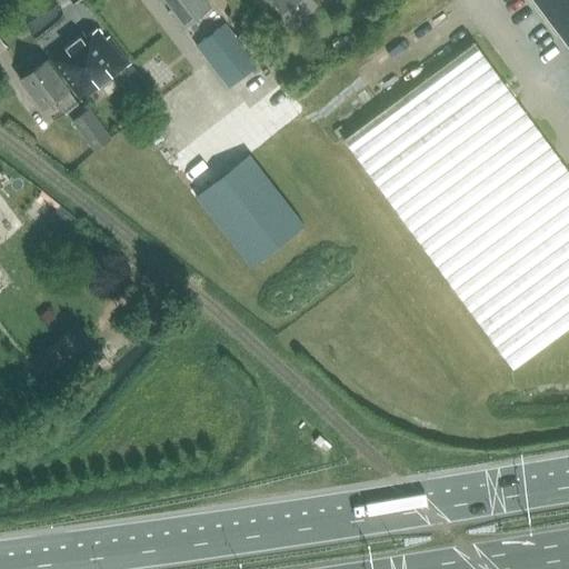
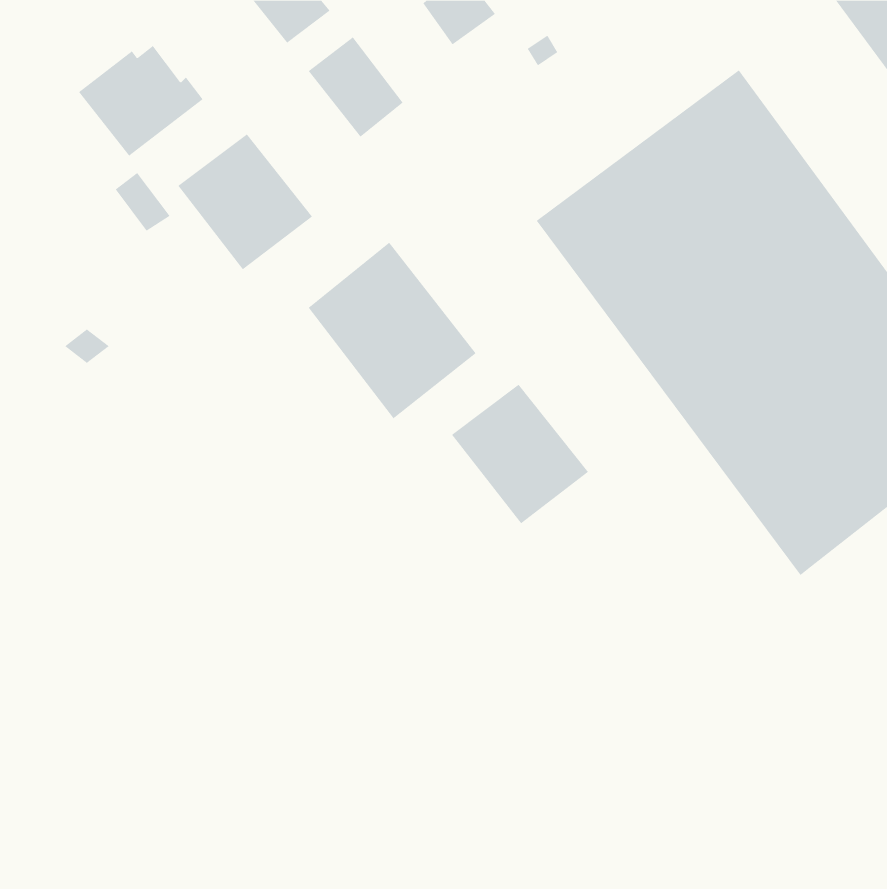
building: [21,61,78,114] -> none
building: none -> [177,133,313,270]
building: none -> [451,384,589,524]

